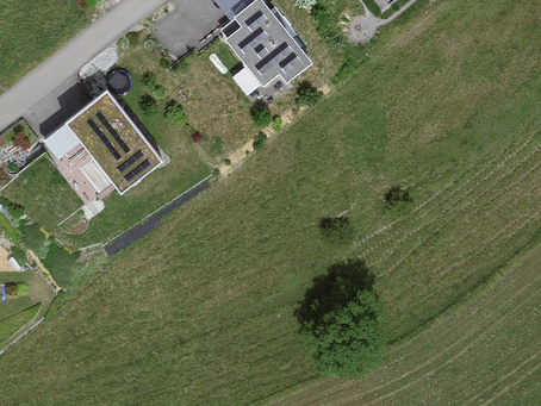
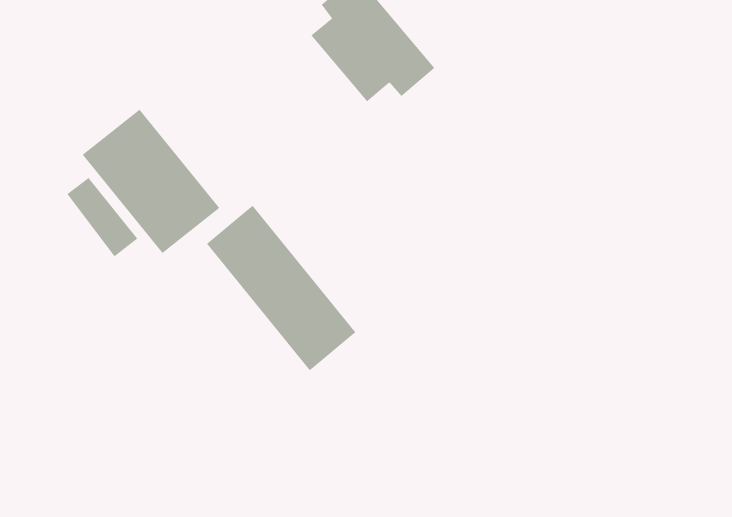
building: none -> [206,205,356,371]

